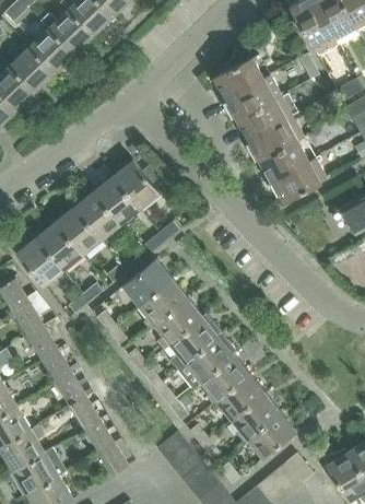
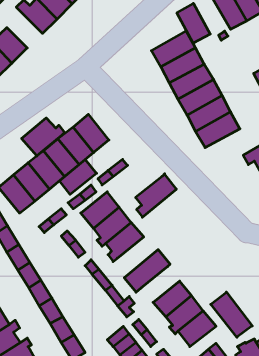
building: none -> [177,3,210,43]
building: [27,30,73,74] -> none
building: none -> [22,118,65,156]
building: none -> [60,159,97,194]
building: [169,314,222,370] -> [136,174,176,217]
building: [200,355,249,403] -> none
building: none -> [211,292,252,337]

